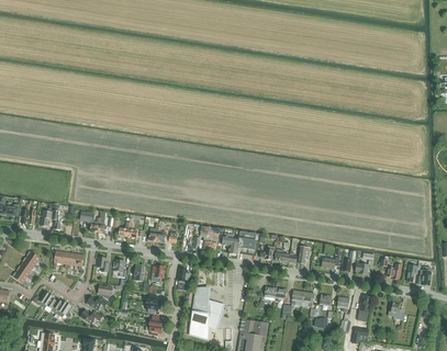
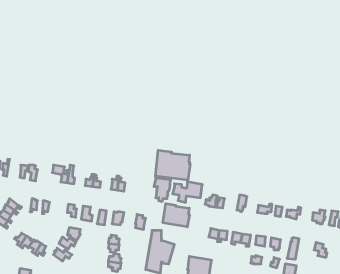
building: none -> [155,150,190,180]
building: none -> [163,204,189,227]

